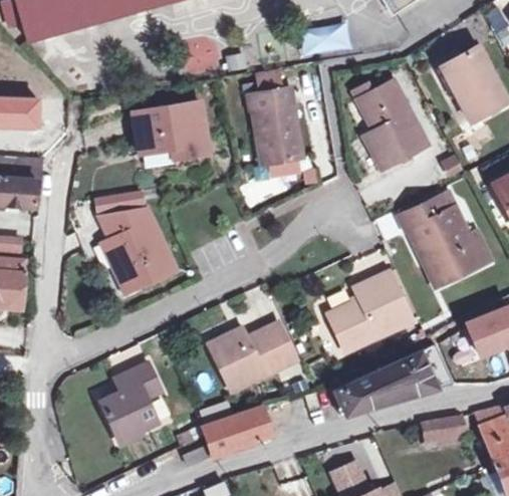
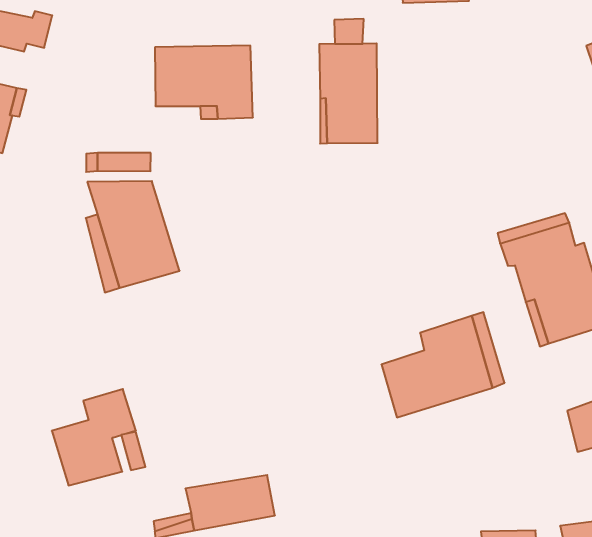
building: [357,78,435,180] -> none
building: [207,328,293,394] -> none
building: [332,343,451,417] -> none

